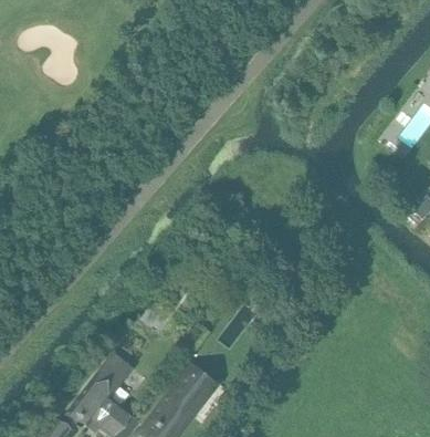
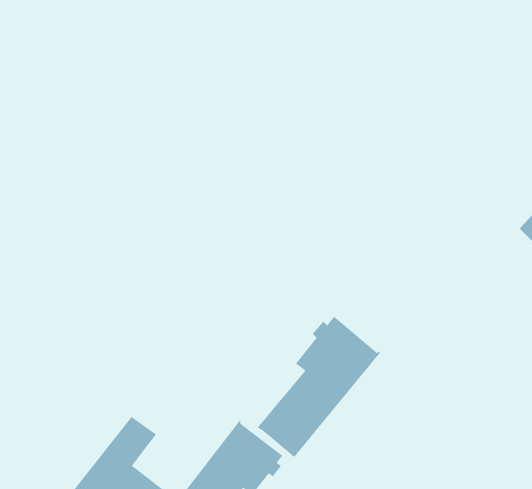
building: none -> [257,316,381,458]

